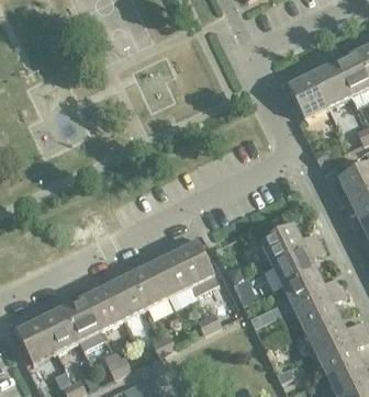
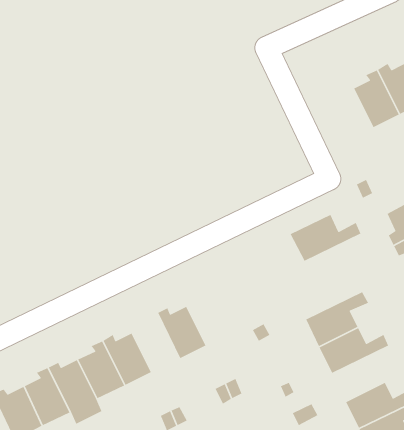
building: [286,75,328,120] -> none
building: [260,225,320,264] -> [289,214,362,262]
building: [175,237,220,295] -> none
building: [130,259,169,308] -> none
building: [294,286,347,332] -> none

